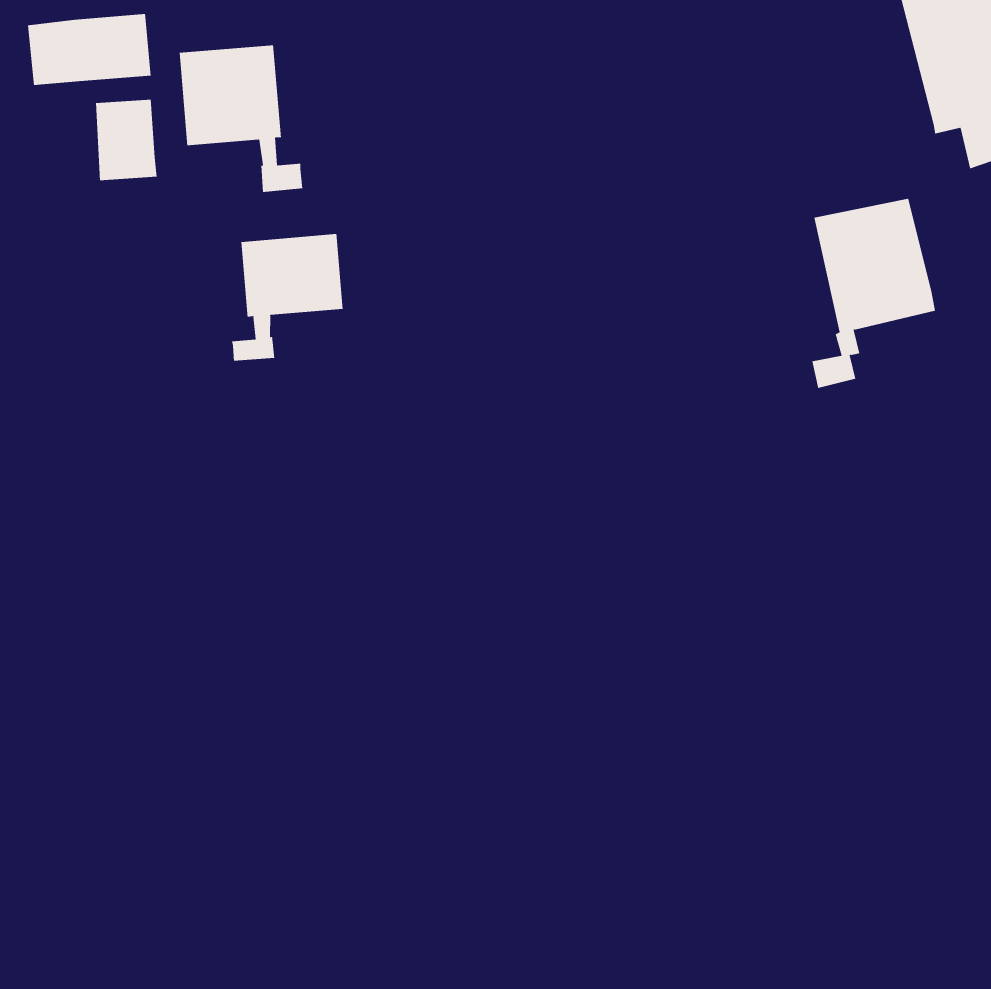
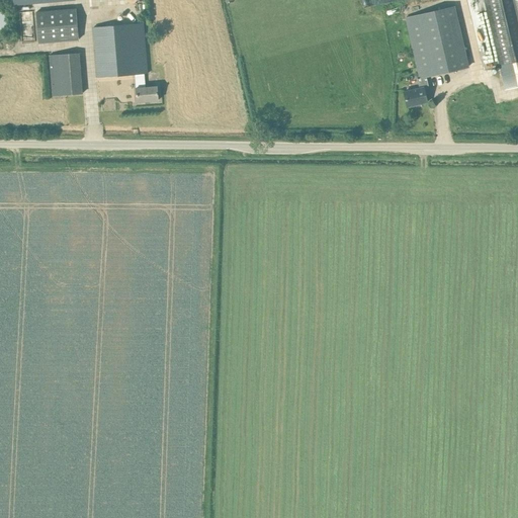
building: [812,198,936,388] -> [405,6,469,105]
building: [232,233,343,362] -> none

